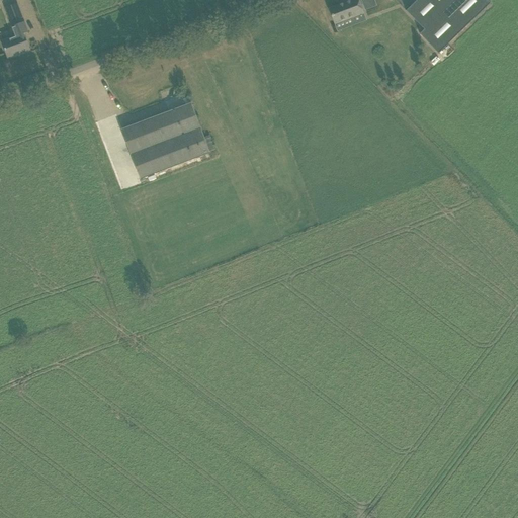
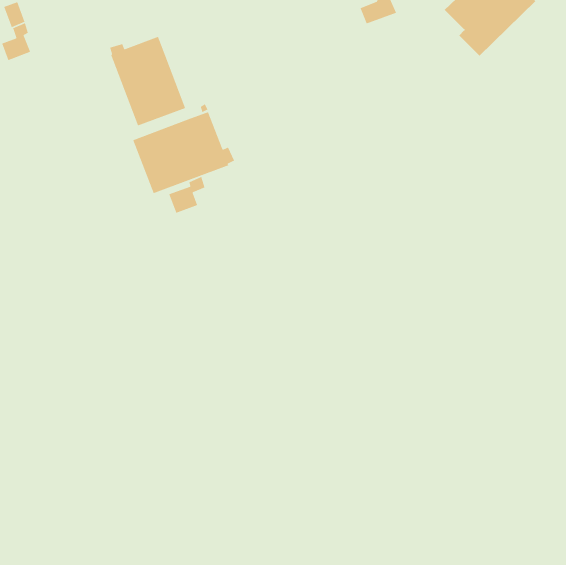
building: none -> [109,36,186,127]
building: none -> [168,176,206,214]

